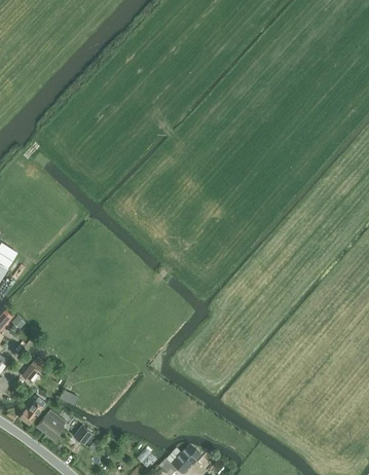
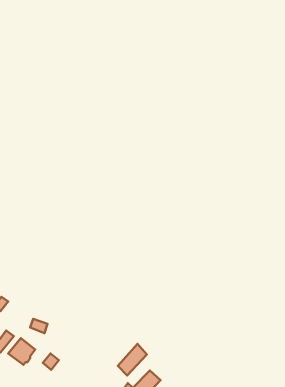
building: none -> [118,344,147,375]

